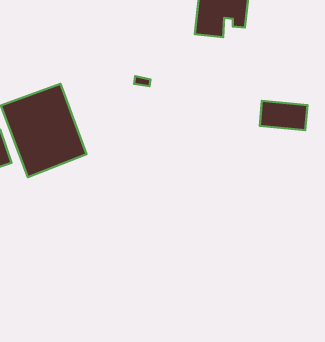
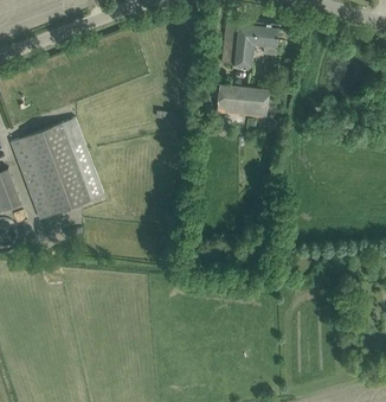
building: [260,101,307,130] -> [217,84,269,116]

